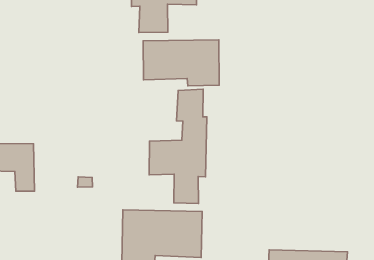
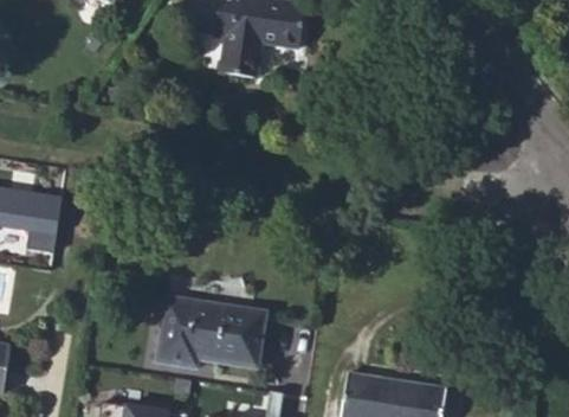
building: [143,40,219,86] -> none
building: [149,89,207,204] -> none

